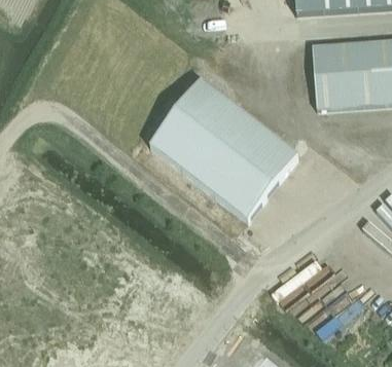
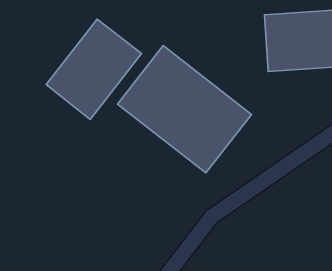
building: none -> [46,19,141,120]

